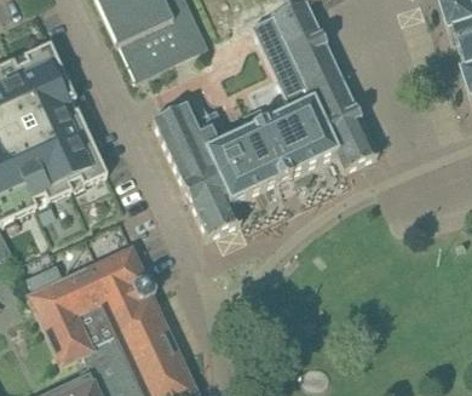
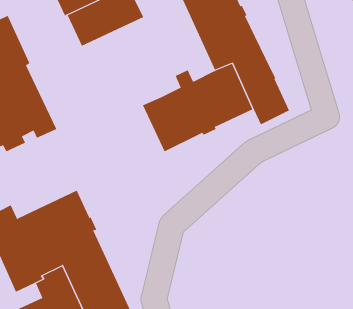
building: [151,99,241,237] -> none

